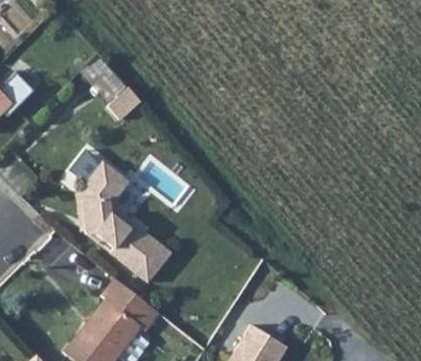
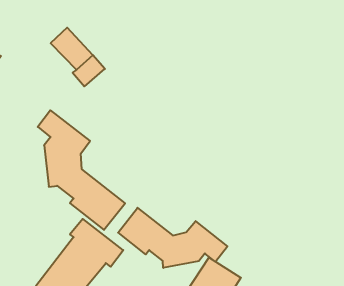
building: none -> [118,208,227,268]

